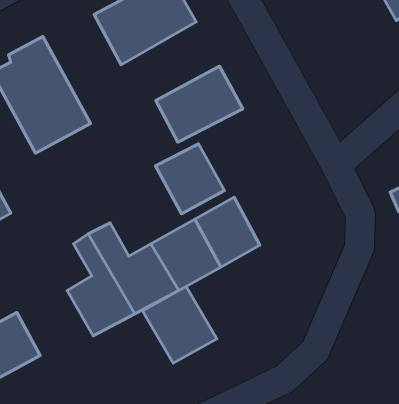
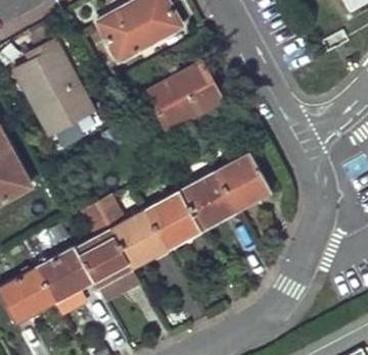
building: [156,144,224,214] -> [215,153,272,211]
building: [143,286,217,363] -> none
building: none -> [34,246,94,303]

